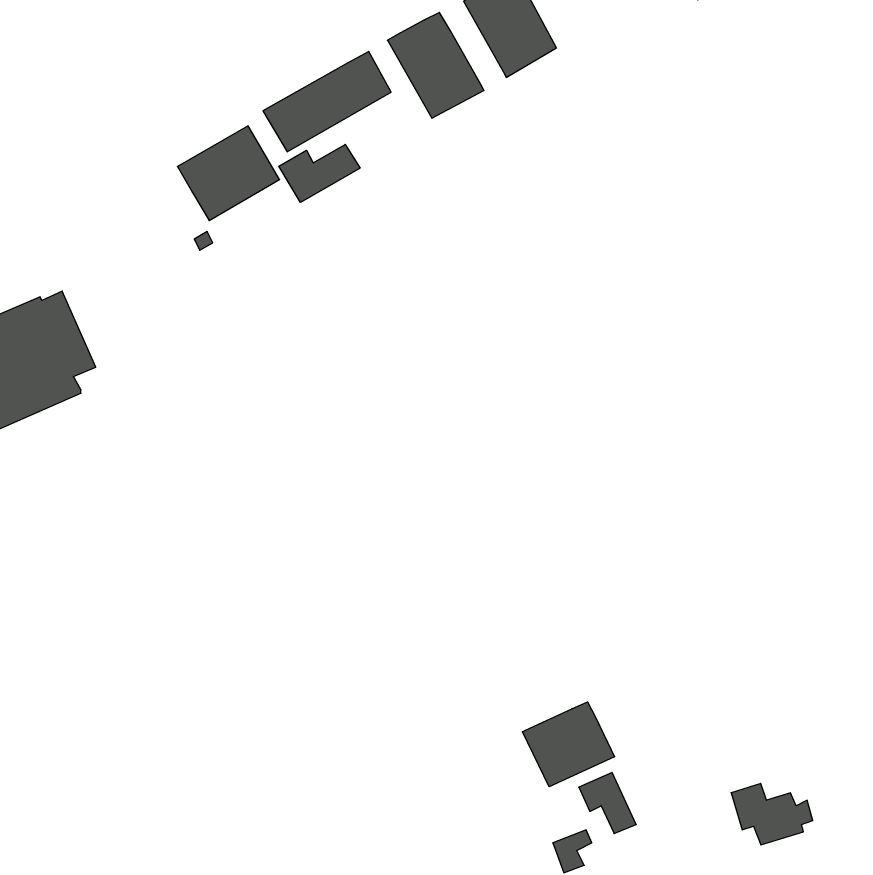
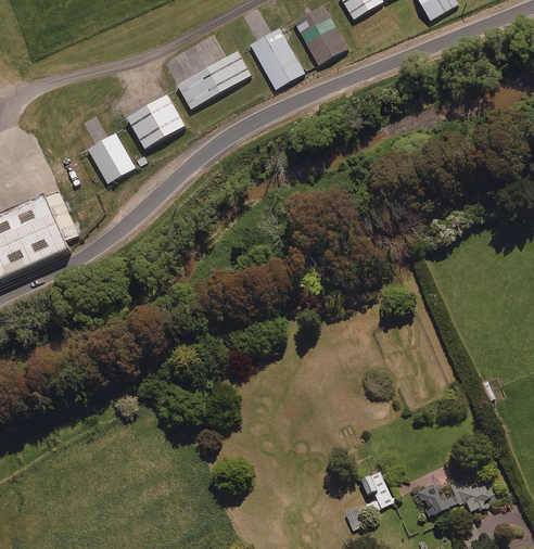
building: [279,144,360,202] -> none
building: none -> [87,131,136,183]
building: [522,702,614,787] -> none
building: none -> [417,482,454,516]

